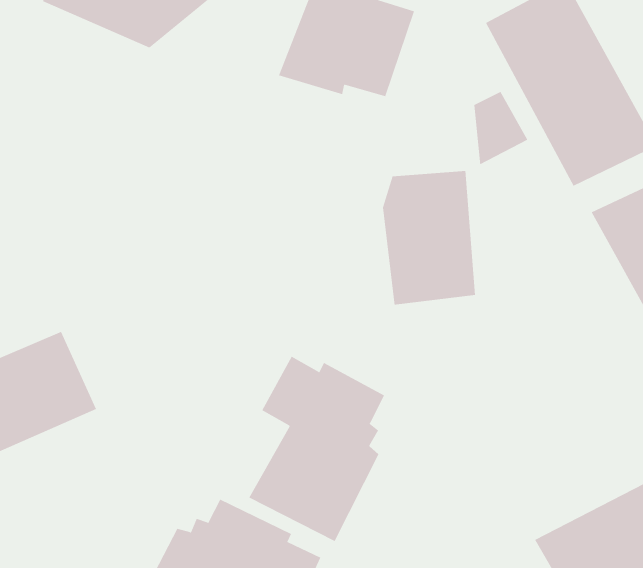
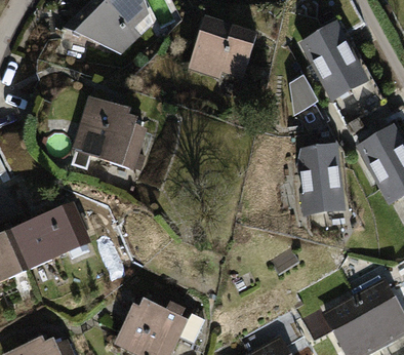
building: none -> [71,95,148,167]
building: [382,170,476,305] -> [295,144,345,214]
building: [249,356,385,542] -> none

